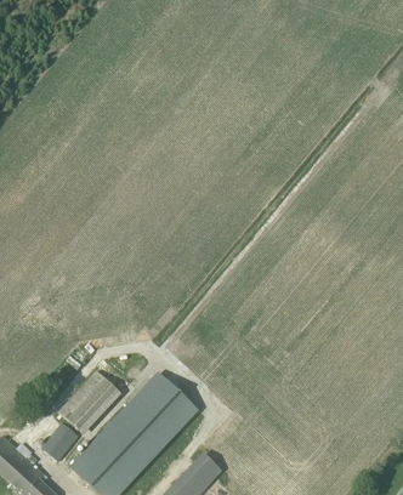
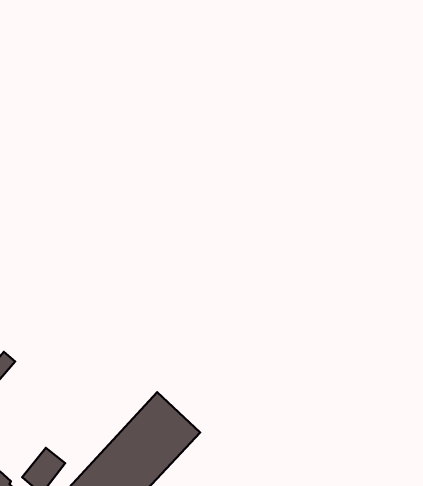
building: [61,371,124,436] -> none

